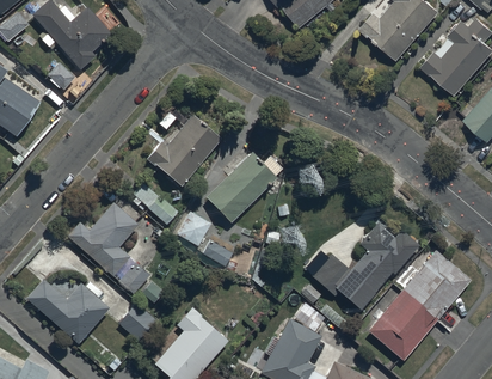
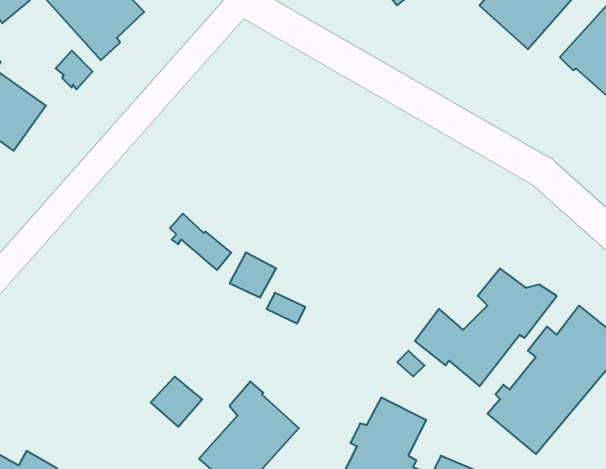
building: [146,115,221,188] -> none
building: [205,153,284,224] -> none
building: [66,202,149,295] -> none
building: [25,279,109,344] -> none

